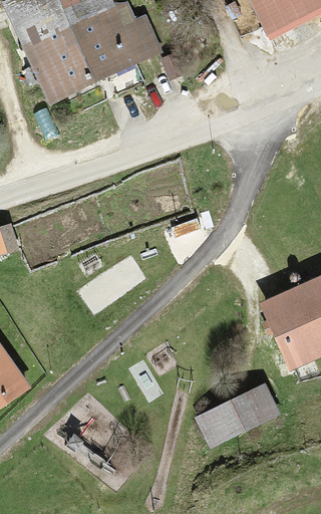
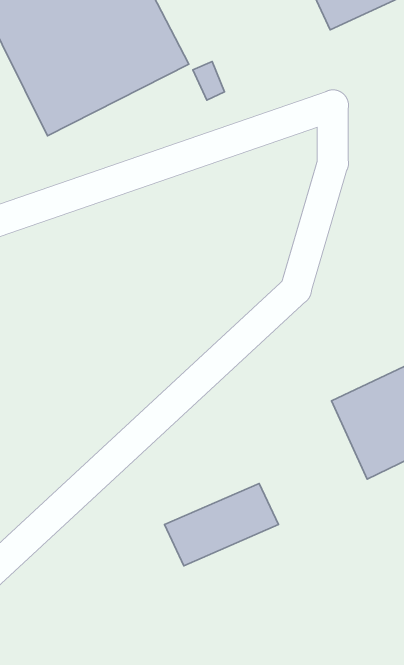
building: [191,386,274,446] -> [165,483,278,566]

